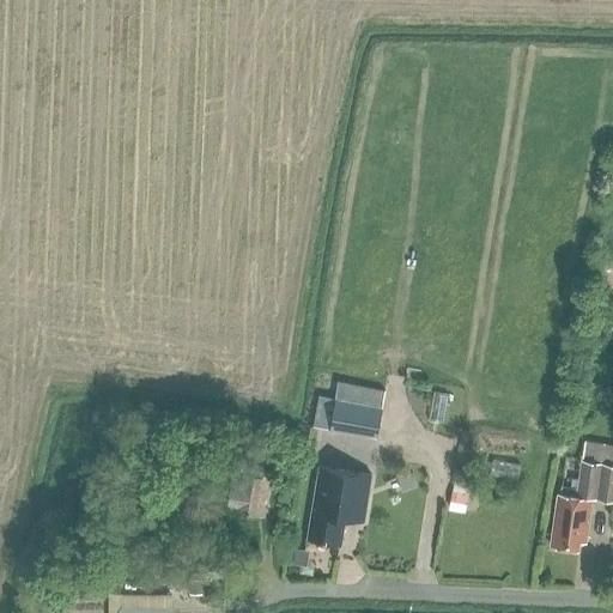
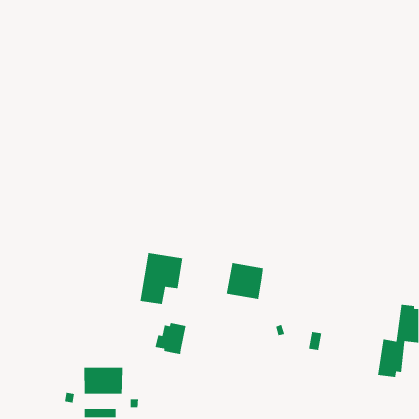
building: [306,468,370,545] -> [140,252,183,305]
building: none -> [84,367,123,395]

